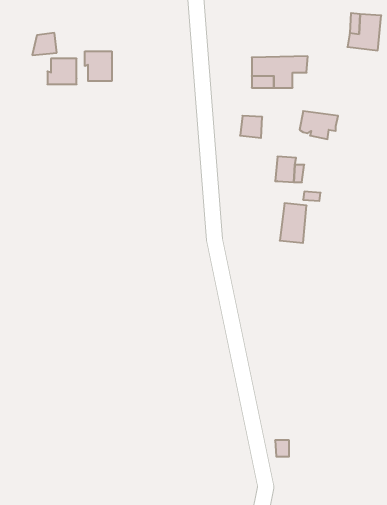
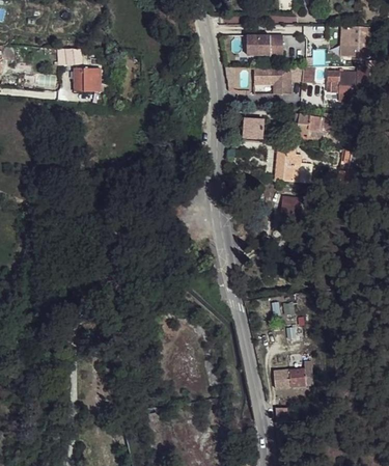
building: none -> [247,35,283,56]
building: [85,51,112,81] -> none
building: none -> [328,67,368,100]
building: none -> [274,368,308,388]

